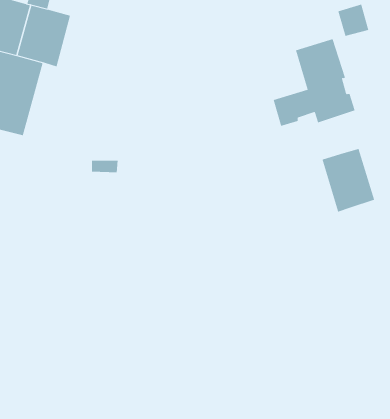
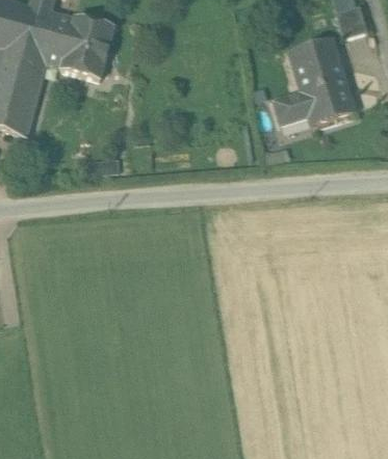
building: none -> [59,15,113,78]
building: [322,148,375,212] -> none

